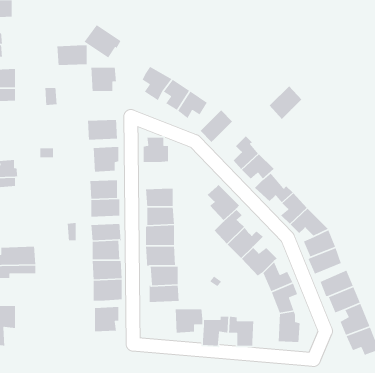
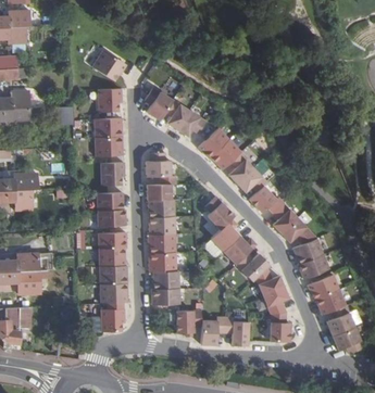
building: [57,45,87,66] -> [93,118,122,138]
building: [269,85,302,120] -> [210,139,240,170]
building: none -> [147,176,175,201]

